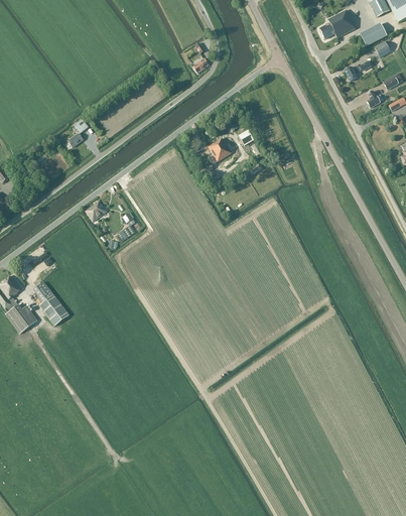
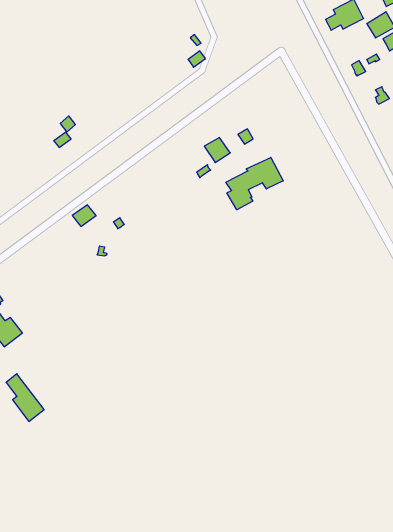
building: none -> [226,157,283,210]
building: [33,281,69,326] -> [6,374,44,421]

